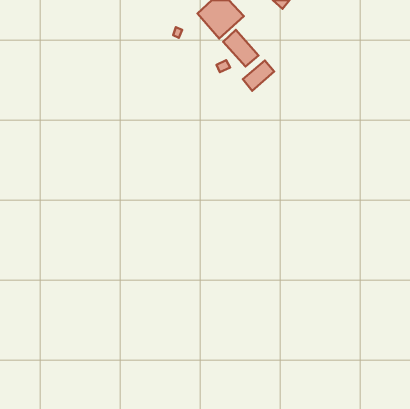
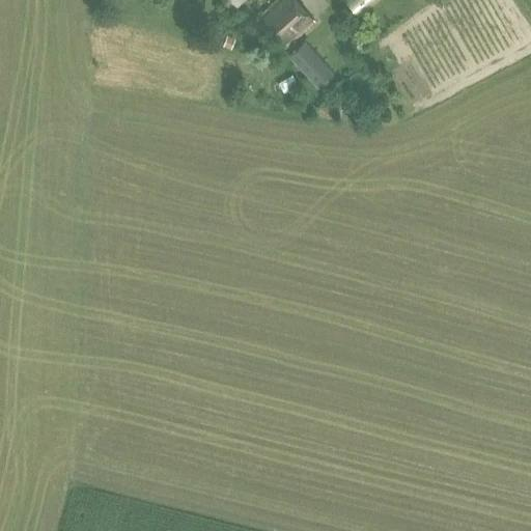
building: [243,61,274,91] -> none

